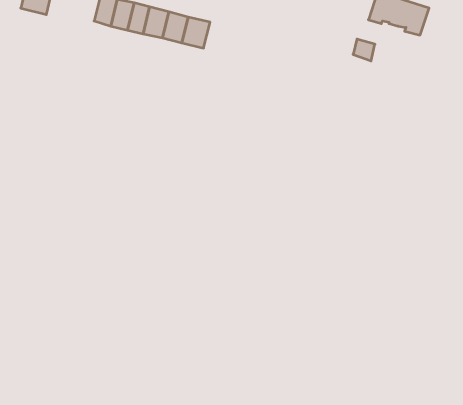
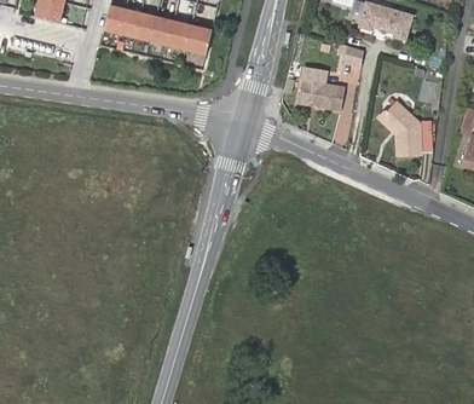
building: none -> [300,67,345,108]
building: none -> [377,104,420,156]

